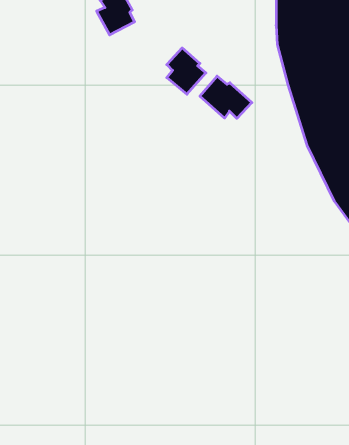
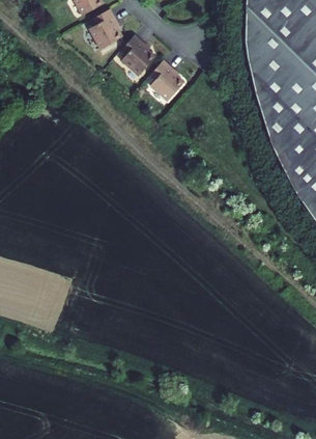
building: none -> [121,34,155,76]
building: [200,76,252,118] -> none

